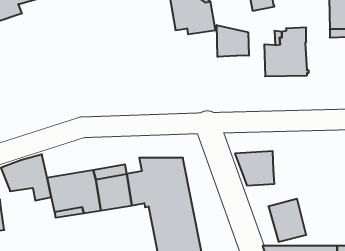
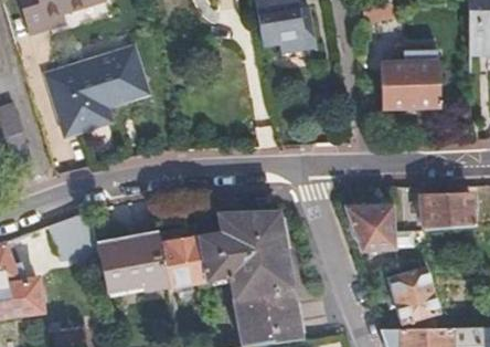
building: [217,25,249,57] -> none
building: none -> [44,46,148,136]
building: none -> [423,192,473,229]

